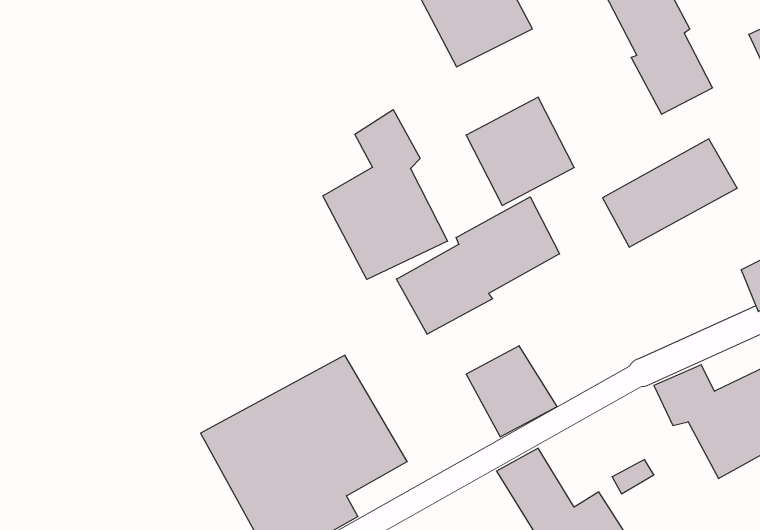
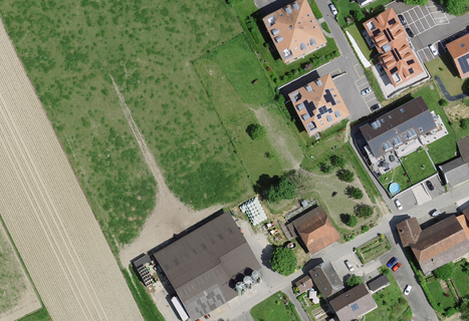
building: [323,110,448,279] -> none
building: [396,197,560,334] -> none

